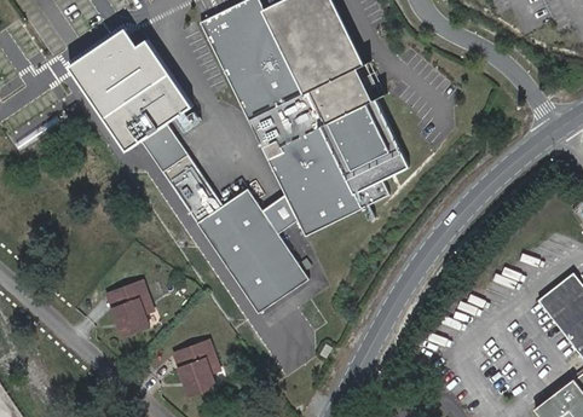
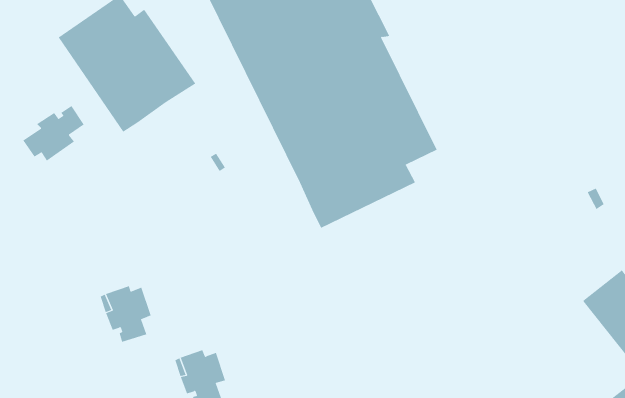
building: [142,123,308,314] -> none
building: none -> [22,105,85,162]

